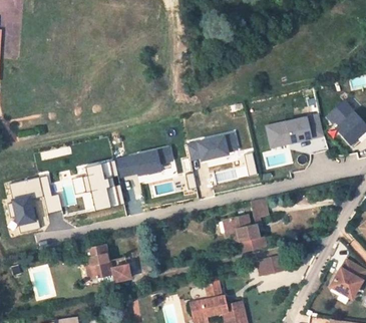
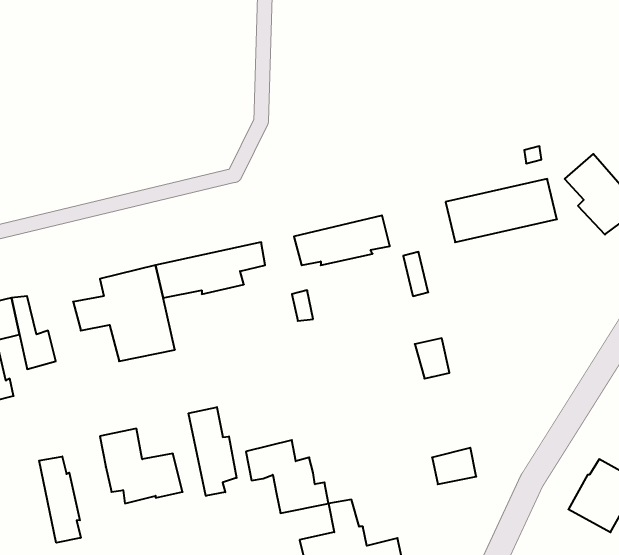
building: [223,215,266,253] -> [246,440,328,513]
building: none -> [189,407,237,496]
building: none -> [39,456,81,543]

